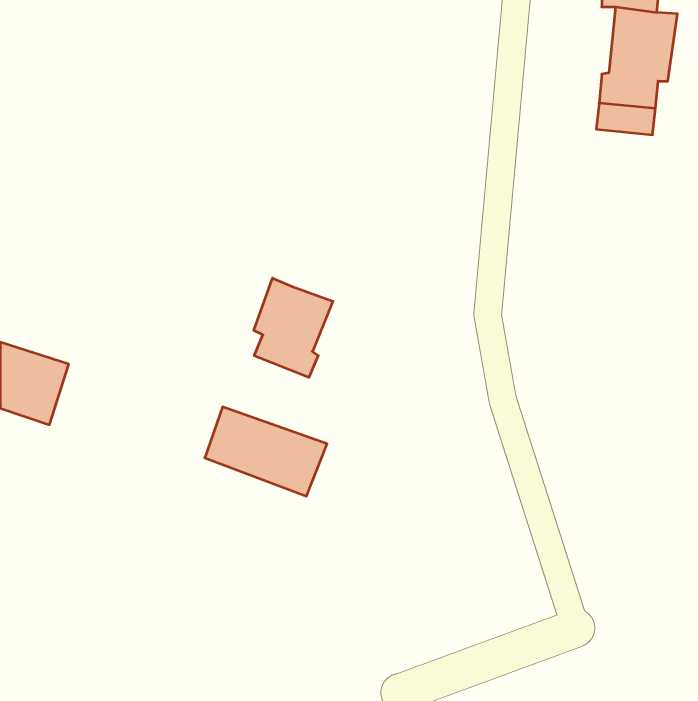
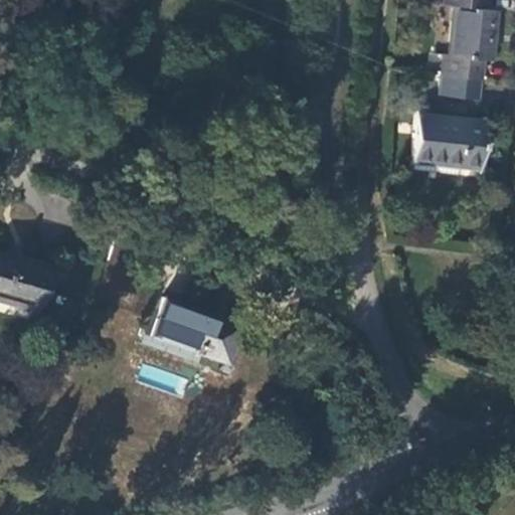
building: none -> [410,112,485,178]
building: [254,278,333,377] -> none

